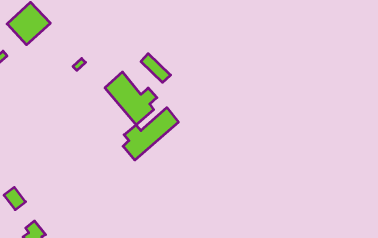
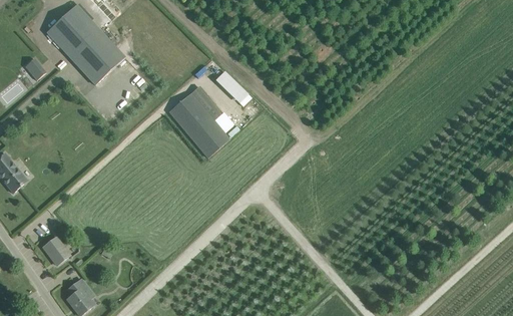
building: none -> [71,31,125,84]
building: [123,108,178,160] -> none

